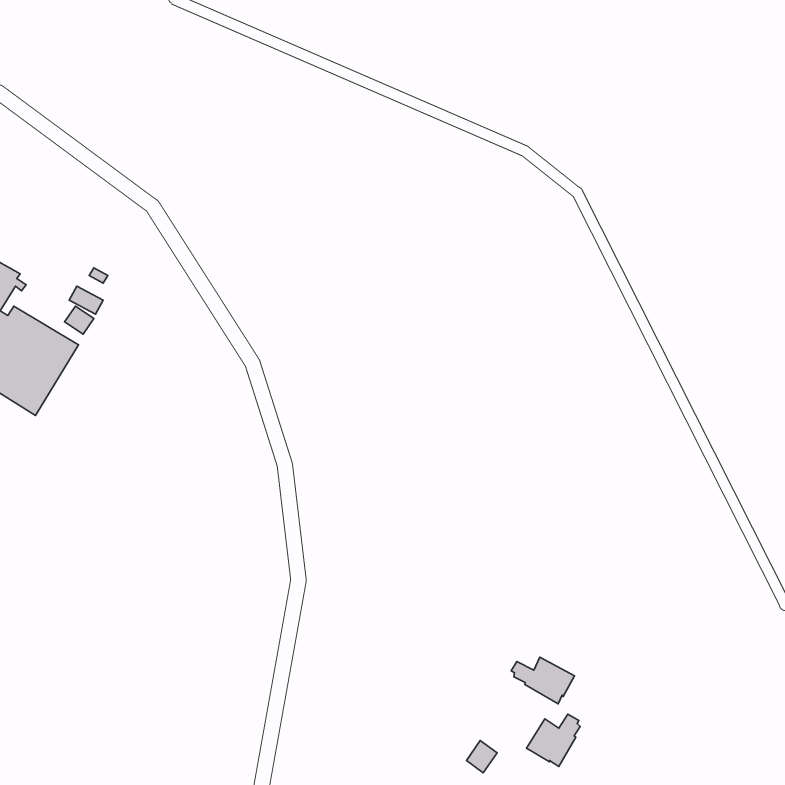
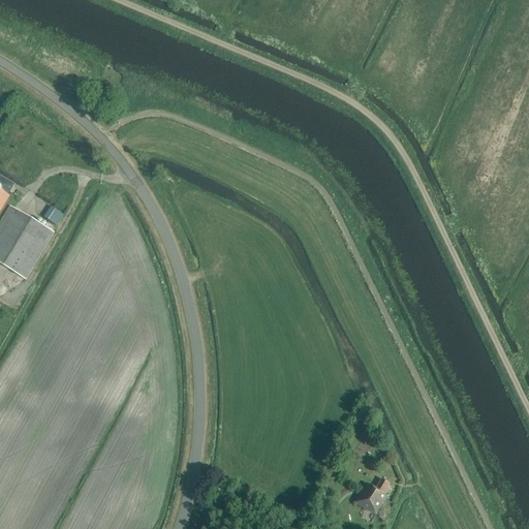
building: [511,657,575,704] -> none

